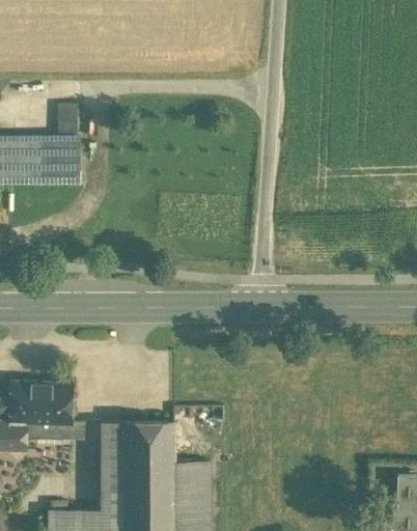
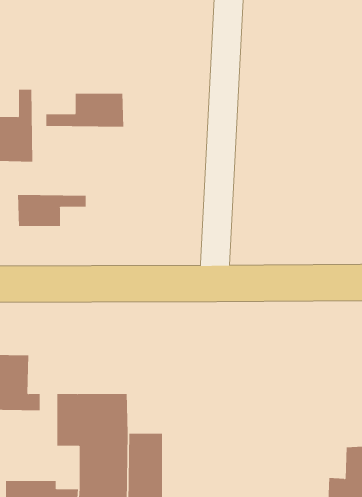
building: none -> [46,93,124,127]
building: none -> [17,194,86,227]
building: [101,475,123,519] -> none

